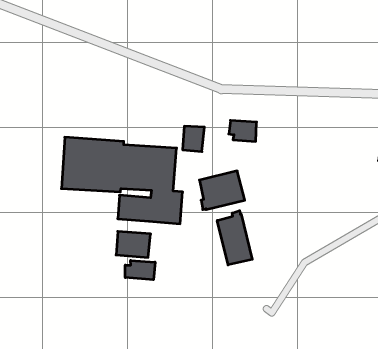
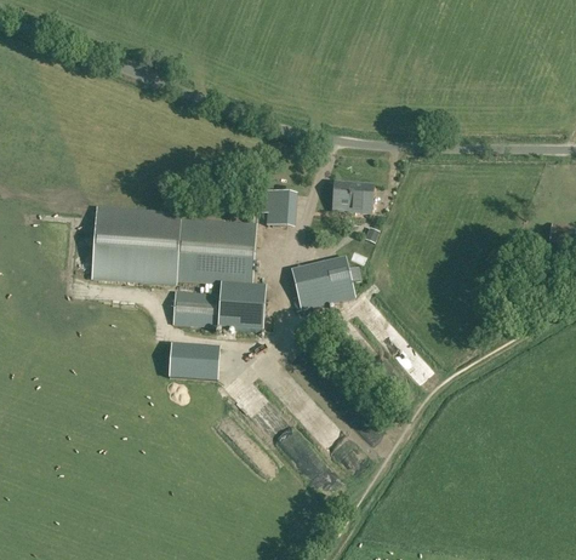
building: [217,211,252,265] -> none
building: [125,260,155,280] -> none

